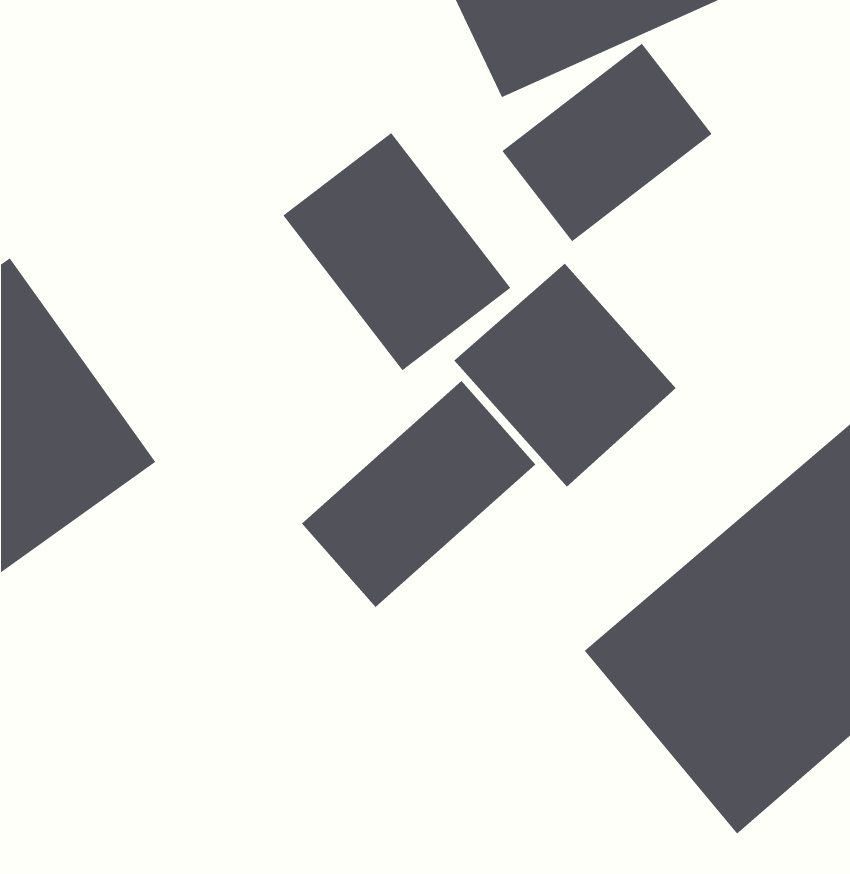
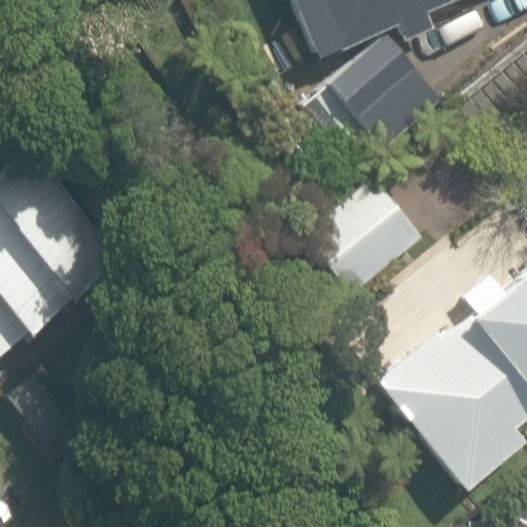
building: [283,132,511,371] -> none
building: [301,380,536,608] -> none

